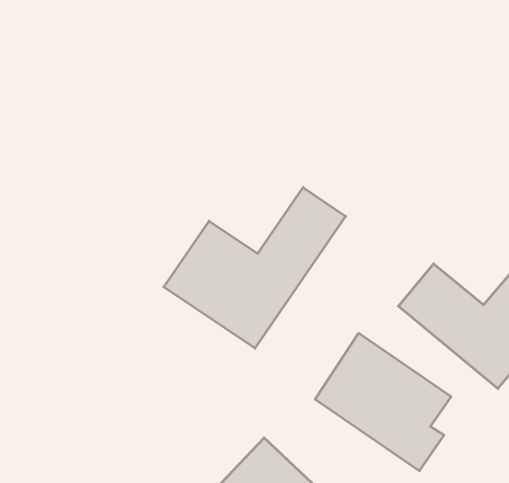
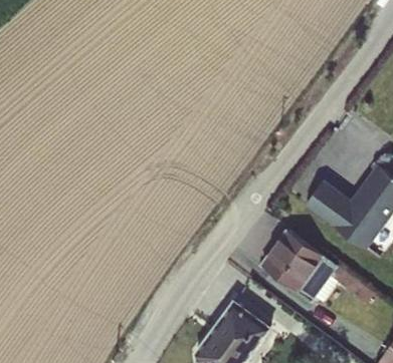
building: [164,187,346,348] -> none

